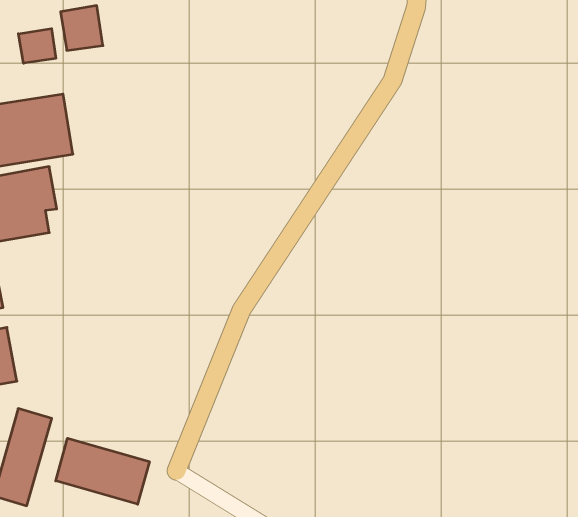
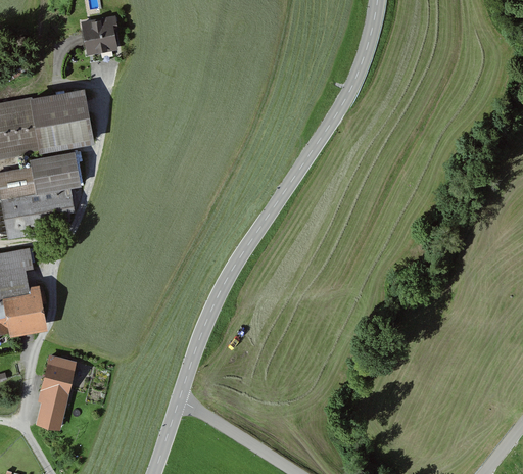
building: [18,29,56,63] -> none
building: [56,438,149,504] -> none

